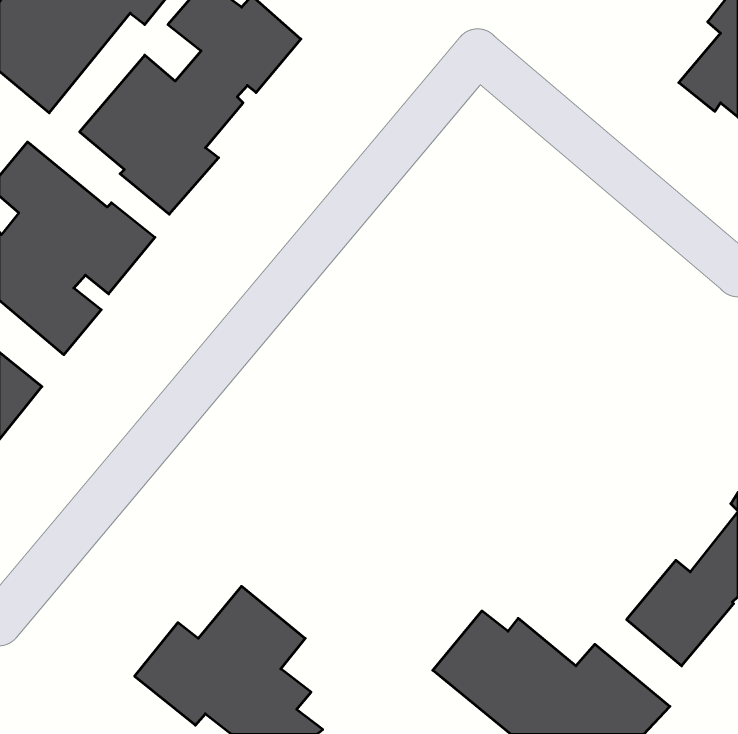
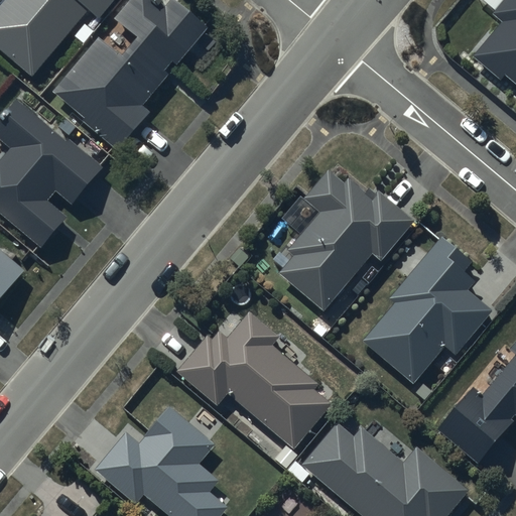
building: none -> [278,170,414,312]
building: none -> [363,237,491,383]
building: none -> [176,312,330,447]

